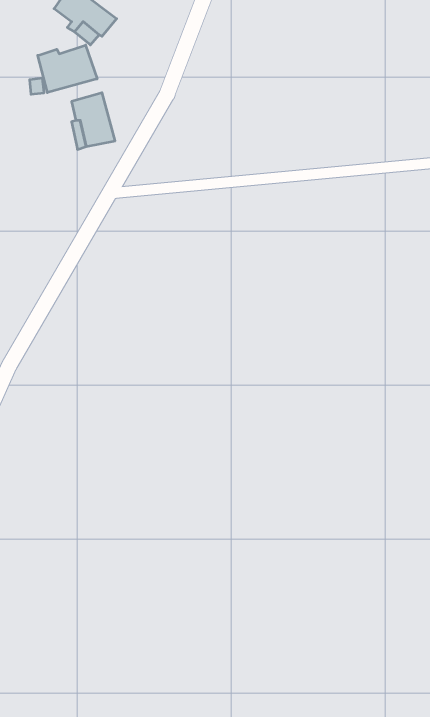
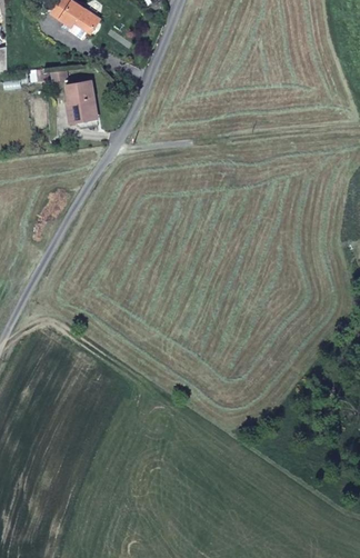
building: [38,45,97,93] -> none

